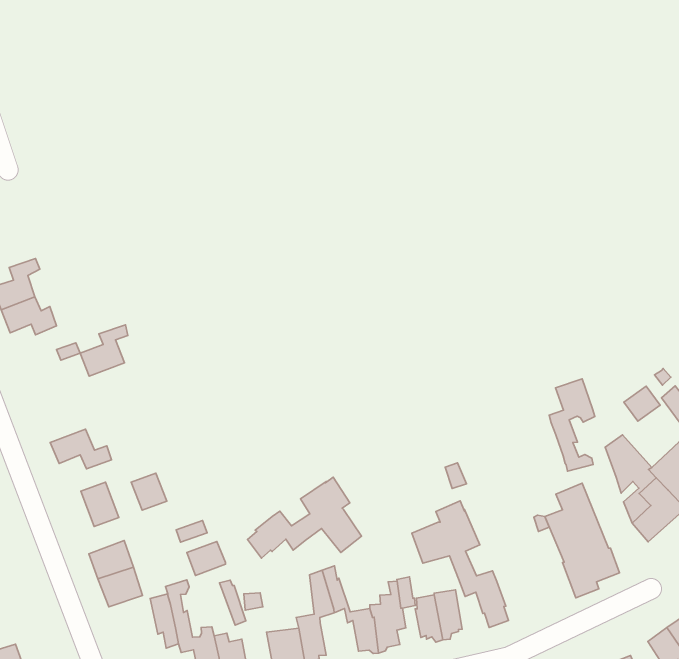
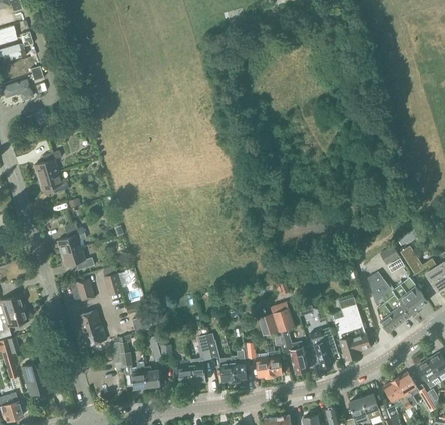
building: [80,325,128,376] -> [57,227,84,254]
building: [549,379,595,471] -> none
building: [248,477,362,558] -> none
building: none -> [310,330,338,368]

